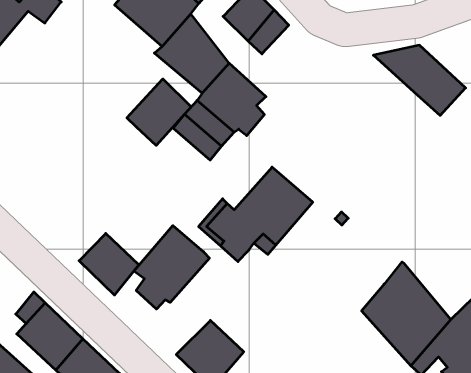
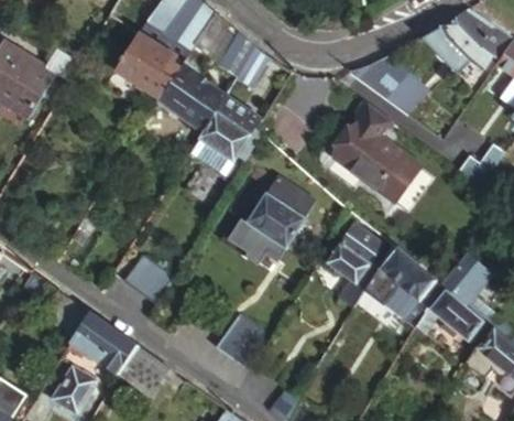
building: none -> [314,85,420,201]
building: [127,79,191,145] -> none
building: [134,226,209,309] -> none
building: none -> [329,224,386,305]

